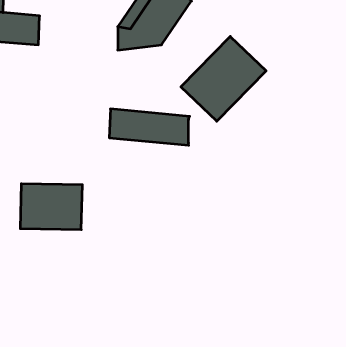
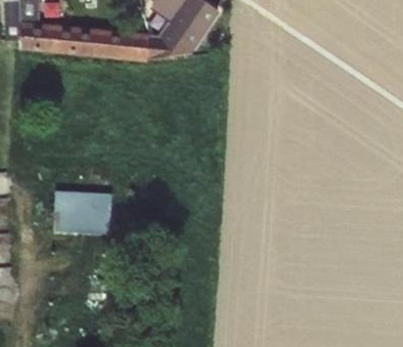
building: [181,36,266,121] -> none
building: [109,109,190,145] -> [71,27,147,61]

